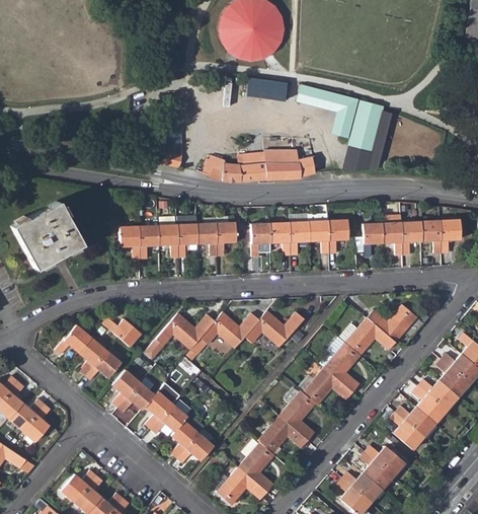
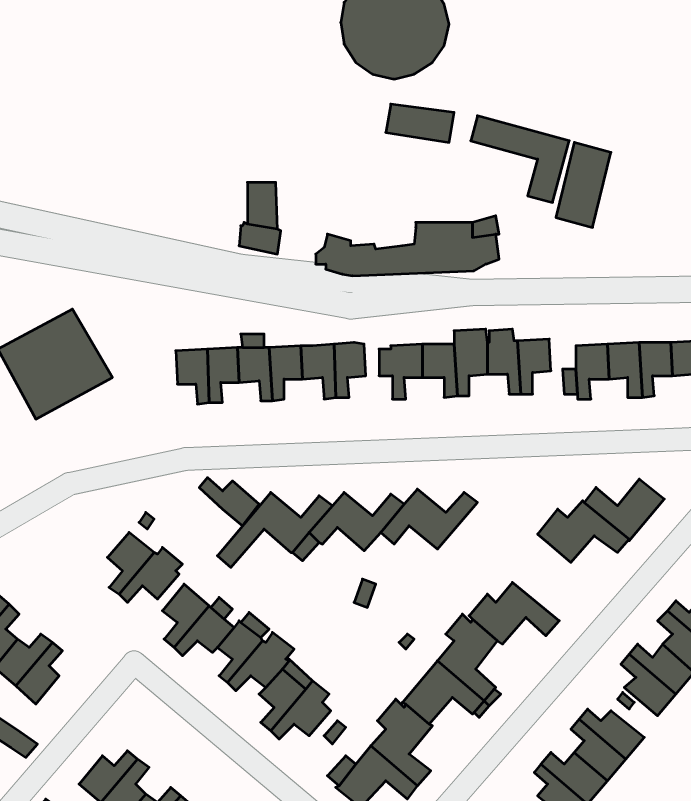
building: [103,317,140,347] -> [199,478,259,526]
building: [56,325,91,355] -> none
building: [324,344,360,391] -> none

